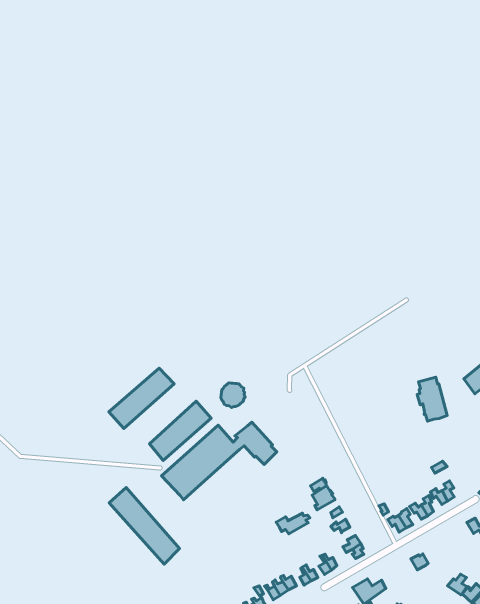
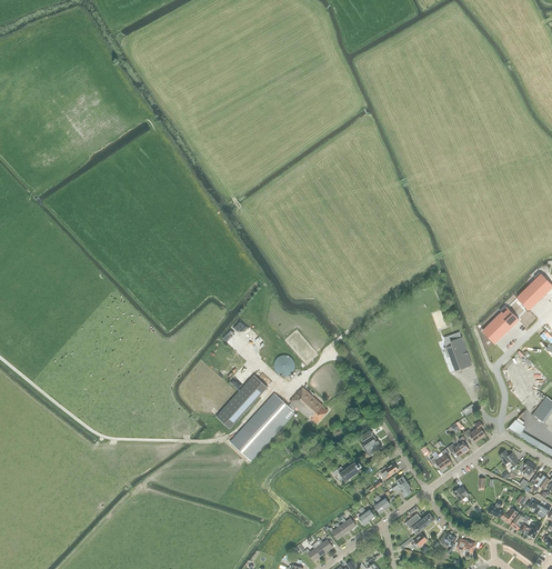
building: [109,368,174,429] -> none
building: [109,487,180,564] -> none

